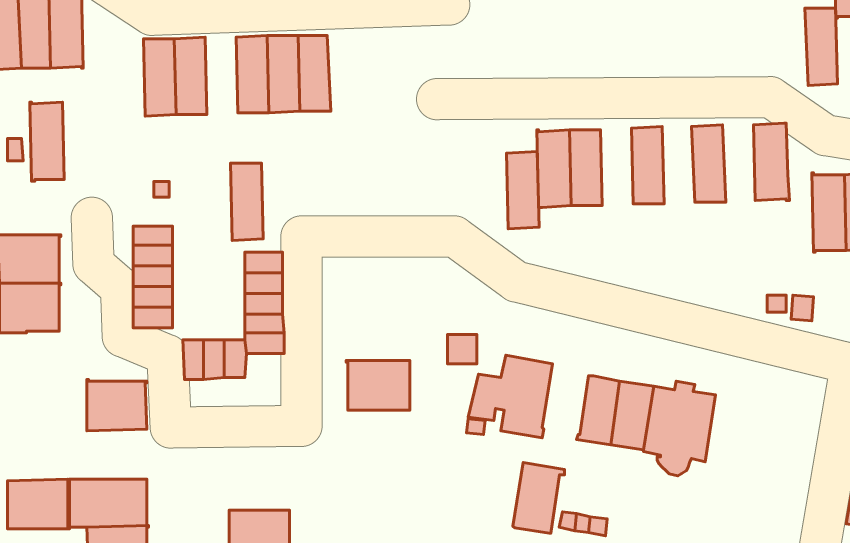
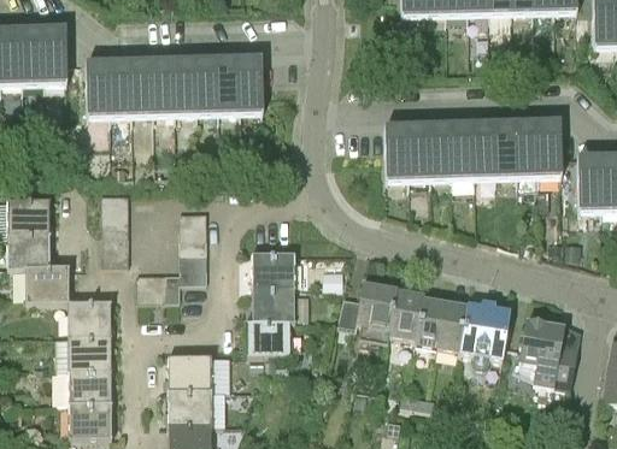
building: [805,8,837,85] -> [515,122,537,176]
building: none -> [237,57,263,112]
building: [30,102,64,181] -> [86,61,110,117]
building: none -> [472,123,495,177]
building: [506,152,539,229] -> [429,124,452,178]
building: [230,163,263,241] -> [152,60,175,114]
building: none -> [251,254,295,286]
building: none -> [27,266,69,301]
building: none -> [247,320,290,376]
building: none -> [518,320,577,388]
building: none -> [168,355,230,391]
building: [513,463,565,533] -> [388,289,424,338]
building: [8,479,69,529] -> [69,335,112,370]

